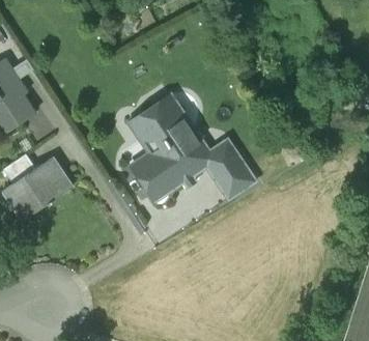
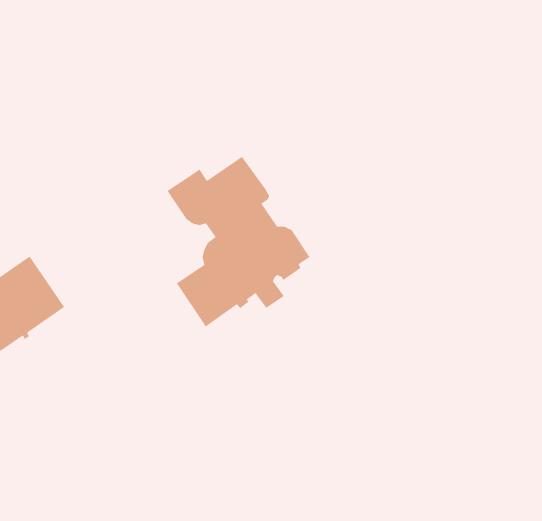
building: [204,145,254,199] -> none

